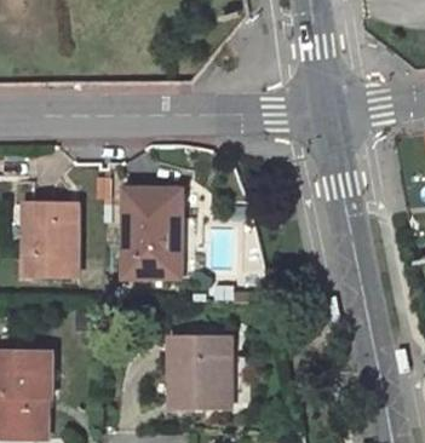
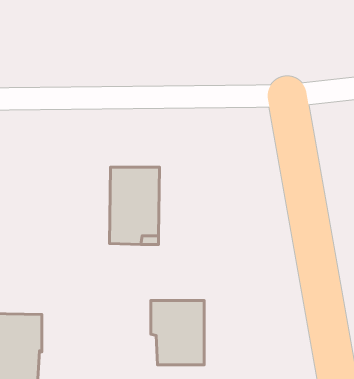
building: [23,202,74,274] -> none

